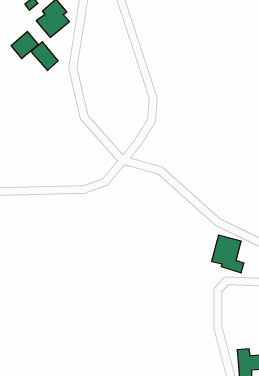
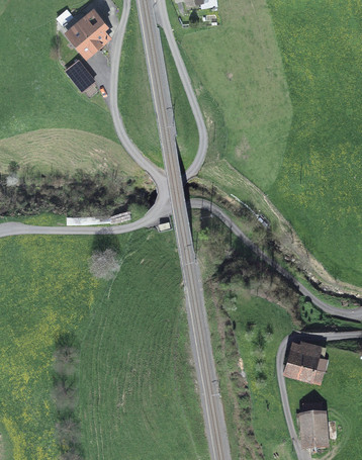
building: [11,31,38,59] -> none
building: [212,235,244,273] -> [286,339,324,382]

